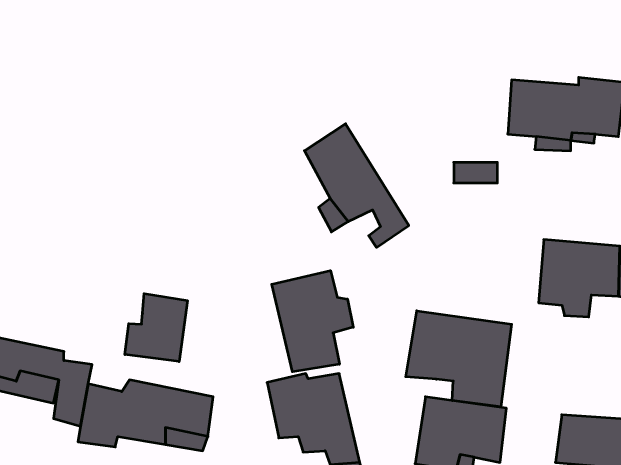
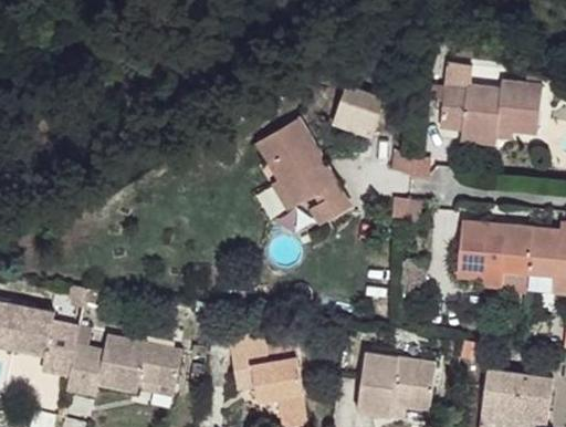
building: none -> [332,87,384,140]
building: [272,271,353,372] -> none
building: [125,294,187,362] -> none
building: [406,311,512,407] -> none

